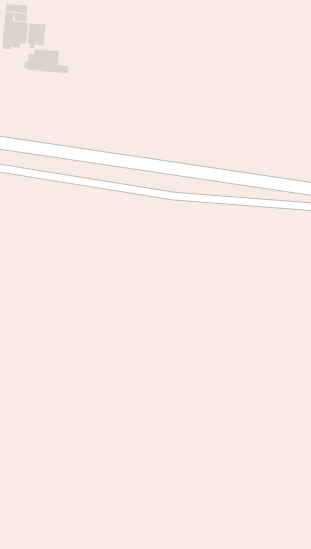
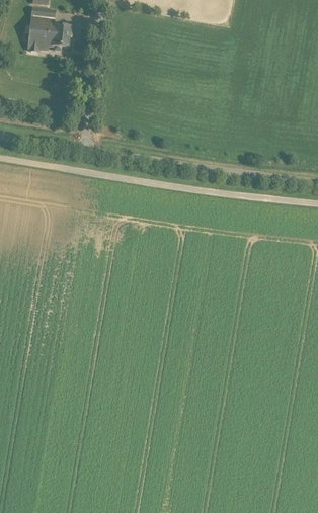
building: [23,48,68,74] -> none

